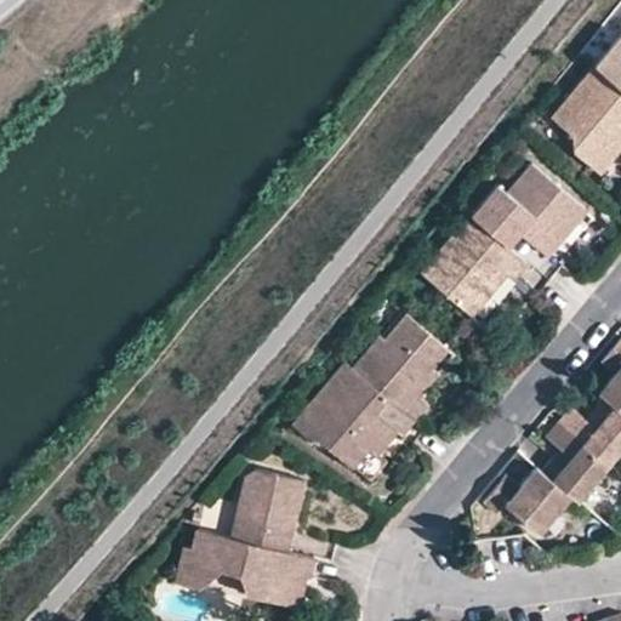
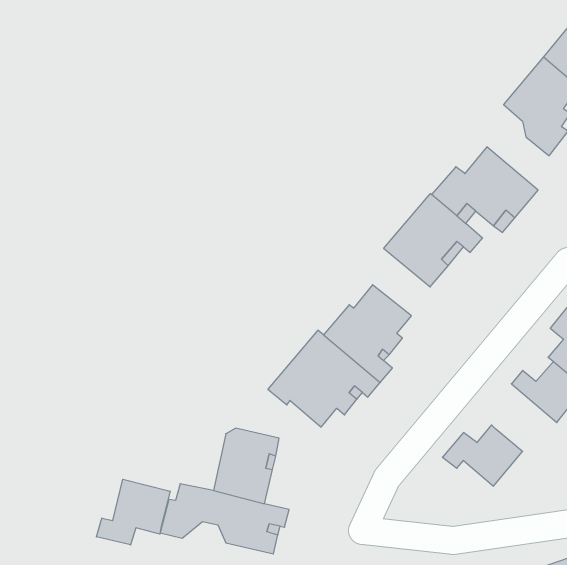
building: [542,422,609,502] -> none
building: none -> [96,479,170,545]

